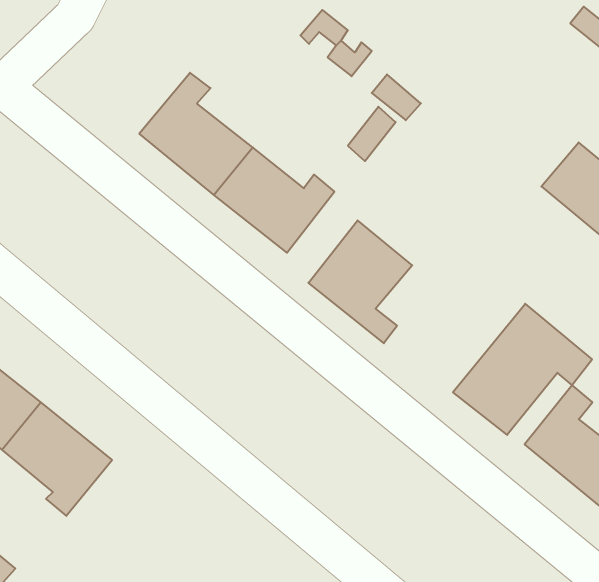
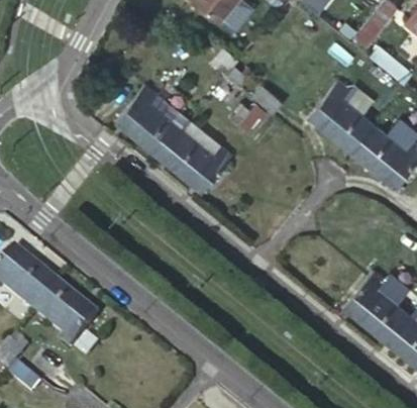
building: none -> [312,80,378,151]
building: [308,220,412,343] -> none
building: [453,304,592,435] -> none

